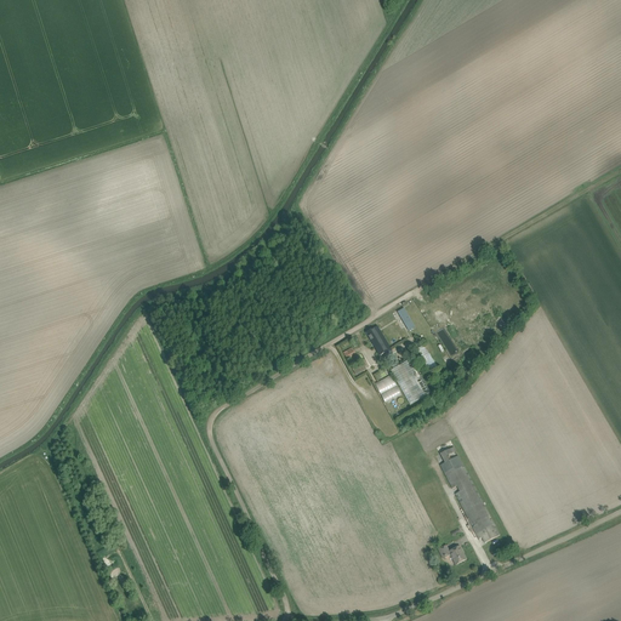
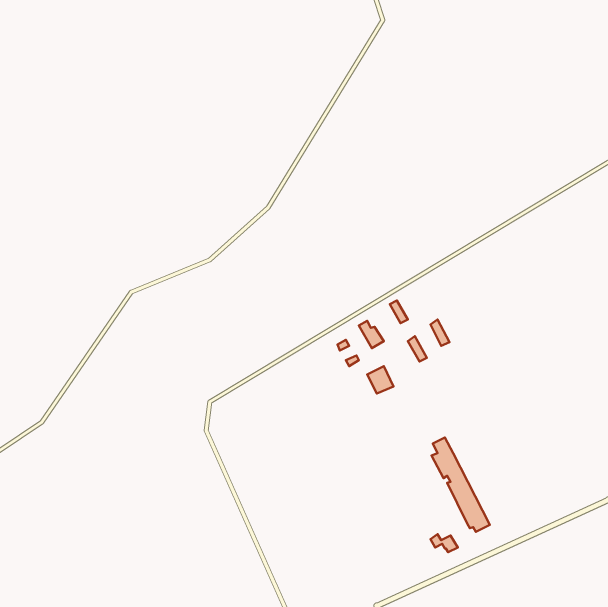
building: [389,357,428,403] -> none

